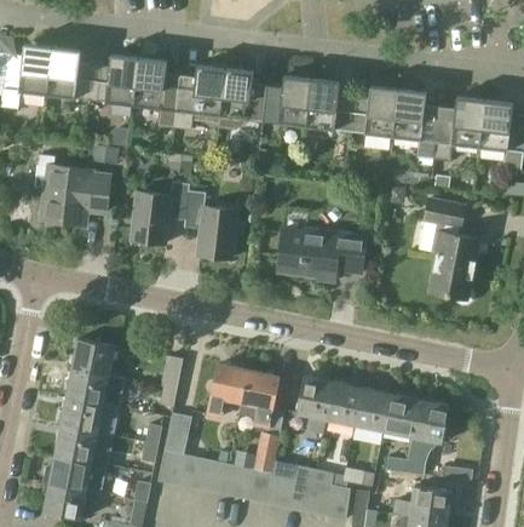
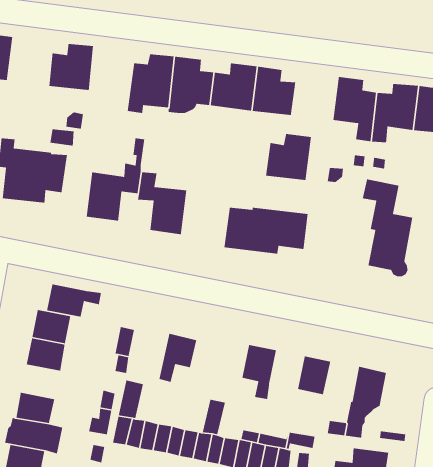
building: [46,47,93,101] -> none
building: [133,57,180,127] -> none
building: [349,86,398,137] -> [265,133,312,181]
building: [241,371,278,426] -> none
building: [326,382,362,424] -> none
building: [382,394,420,436] -> none
building: [59,397,119,434] -> [46,284,102,318]

